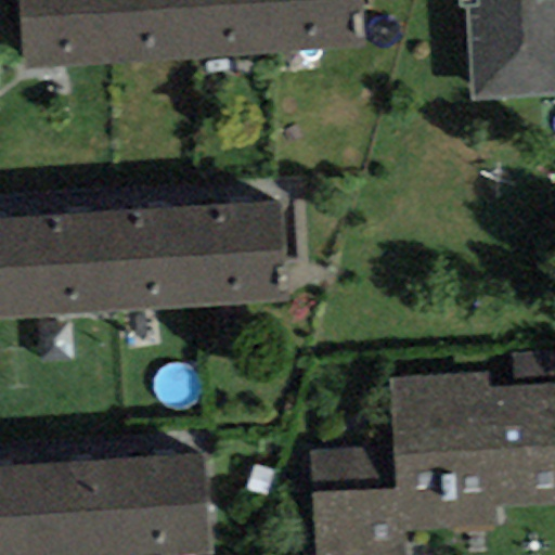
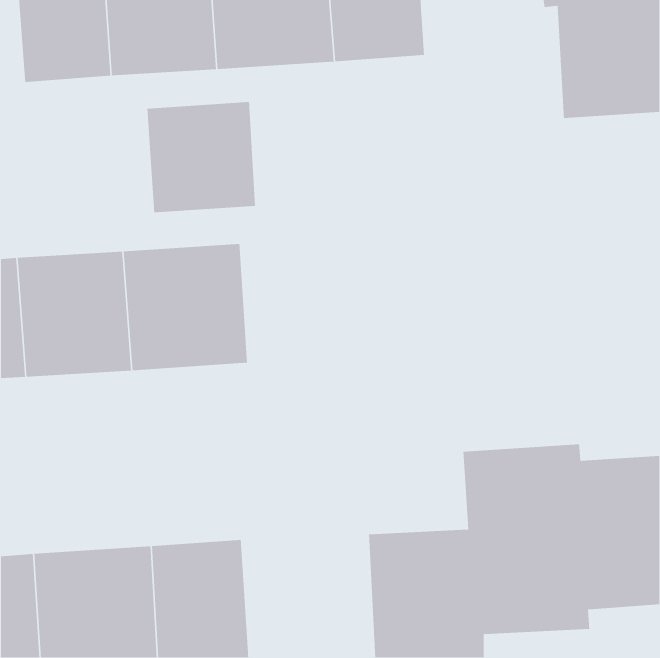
building: none -> [146,101,256,213]
building: [202,198,285,305] -> none

